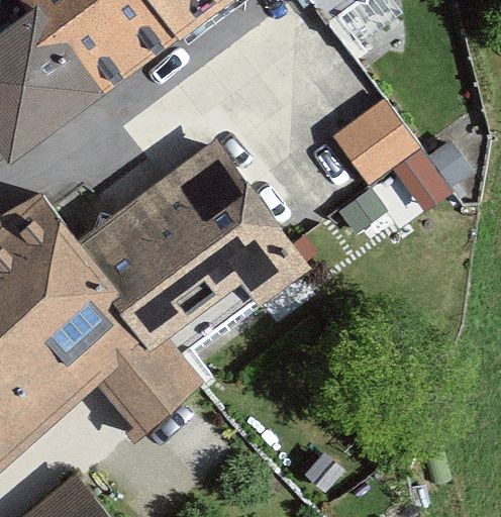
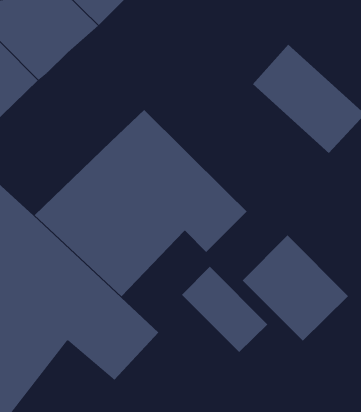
building: none -> [242,234,349,341]
building: none -> [181,266,268,353]

